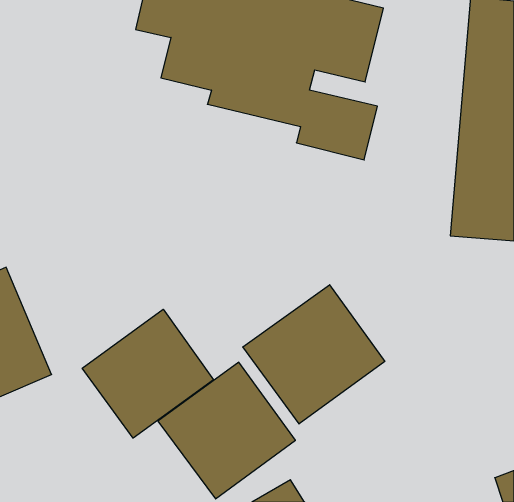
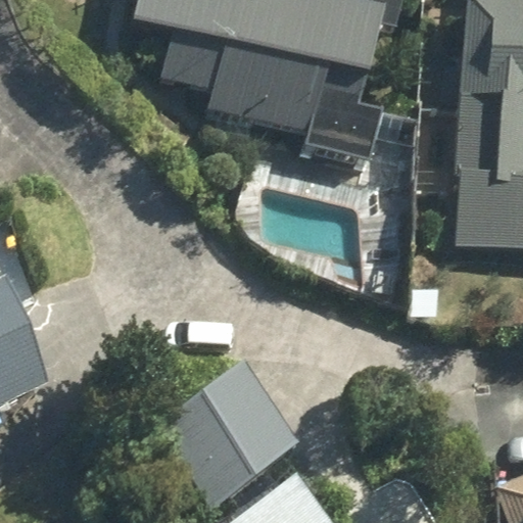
building: [243,285,385,424] -> none
building: [82,309,214,438] -> none

